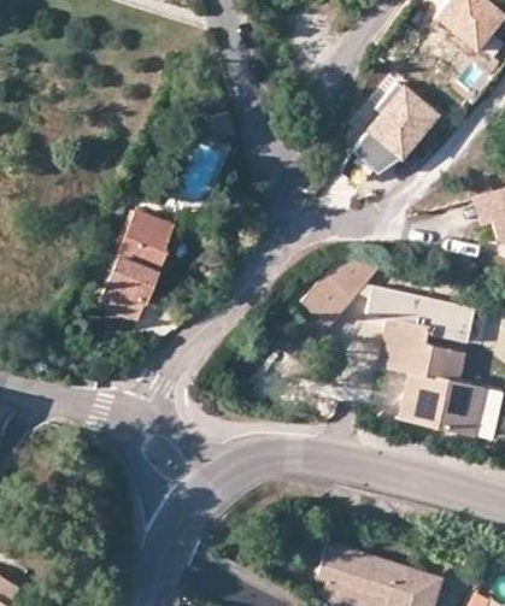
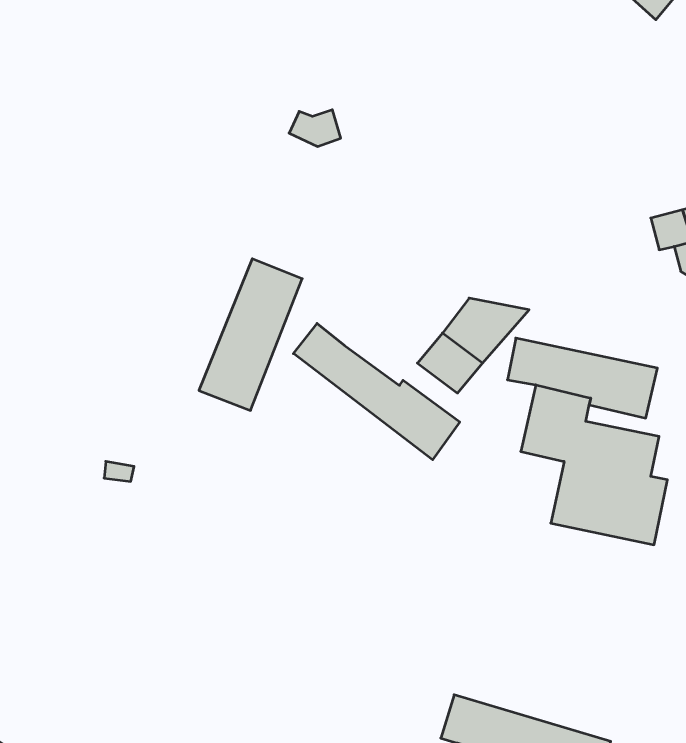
building: [340,93,430,192] -> none
building: [100,211,175,320] -> [199,259,302,410]
building: none -> [293,323,460,460]

